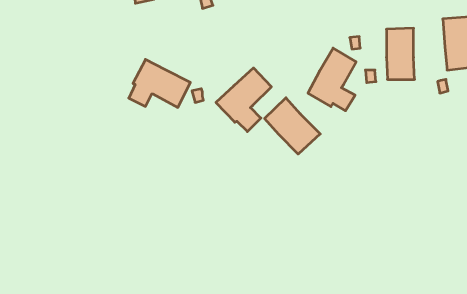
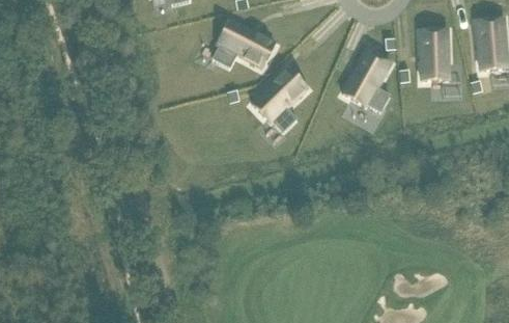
building: [129,59,190,107] -> [214,21,275,69]
building: [265,98,320,154] -> none

